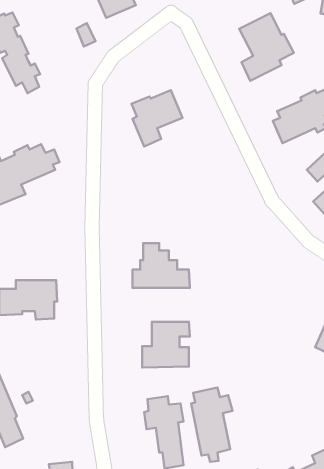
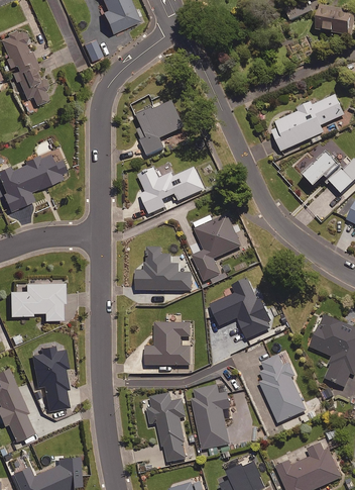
building: [239,13,294,81] -> none
building: none -> [138,166,204,213]
building: none -> [191,213,240,281]
building: none -> [209,278,270,337]
building: none -> [31,345,68,409]
building: none -> [258,351,306,422]

